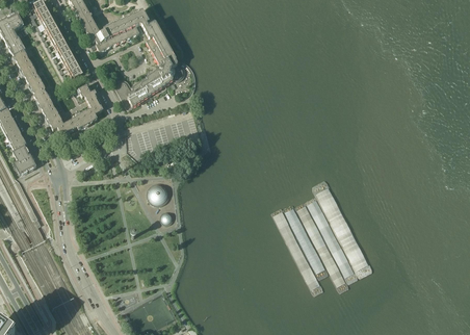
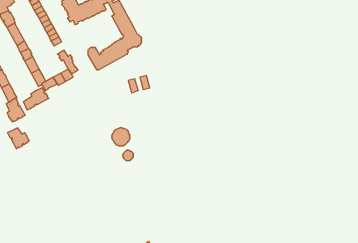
building: none -> [23,88,49,110]
building: none -> [8,128,29,149]

